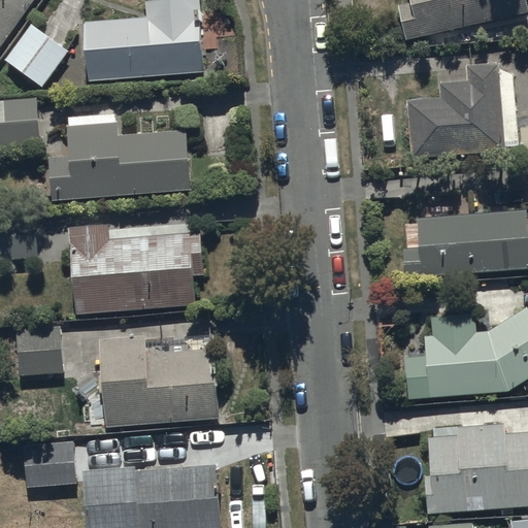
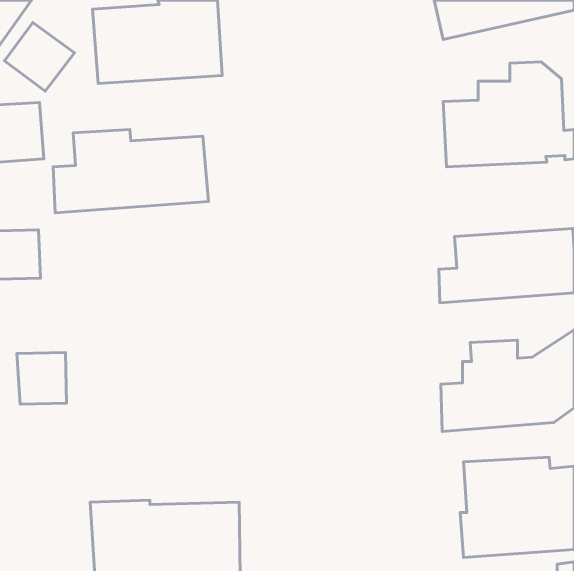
building: [69,226,203,317] -> none
building: [98,335,220,426] -> none
building: [24,439,75,501] -> none

